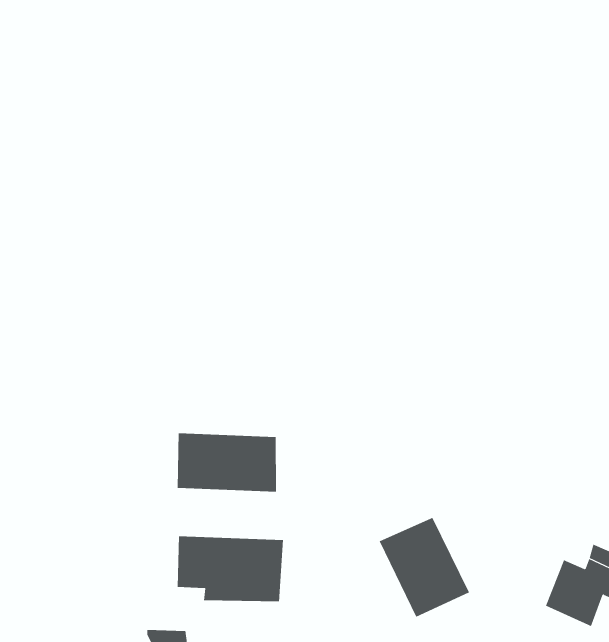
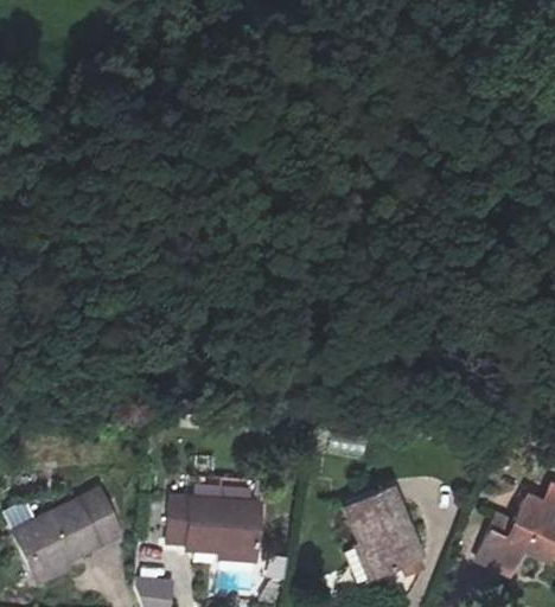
building: [177,432,277,492] -> none
building: none -> [13,485,122,574]

